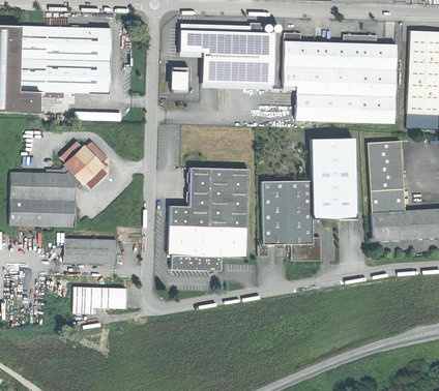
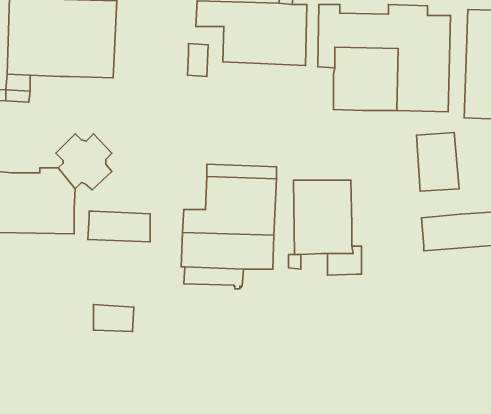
building: [310,139,354,218] -> none
building: [370,188,404,213] -> none
building: [63,238,116,264] -> [88,211,150,242]
building: [71,287,93,313] -> none

